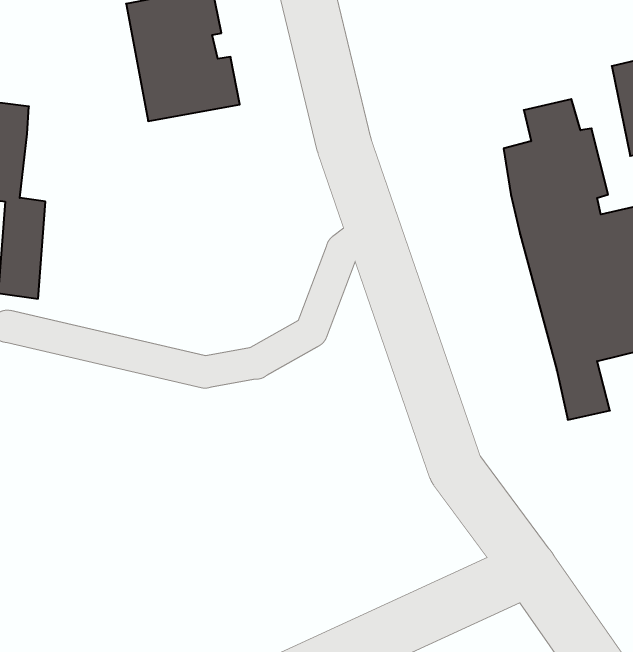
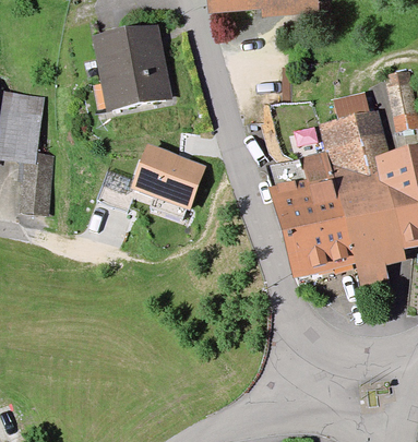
building: none -> [138,151,207,215]
building: none -> [267,152,355,273]

